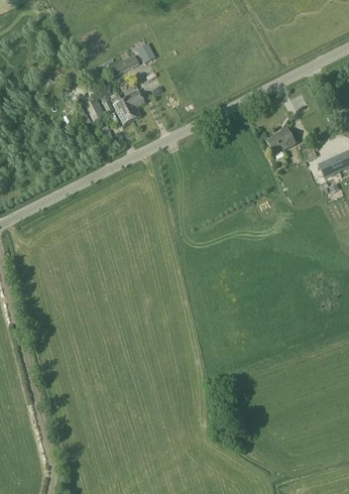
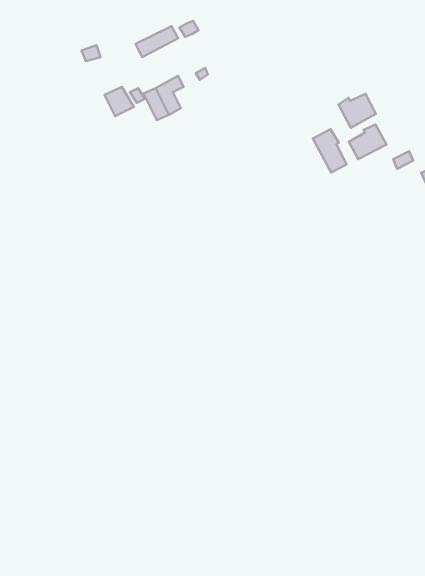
building: none -> [338,94,376,128]
building: none -> [313,129,347,173]

